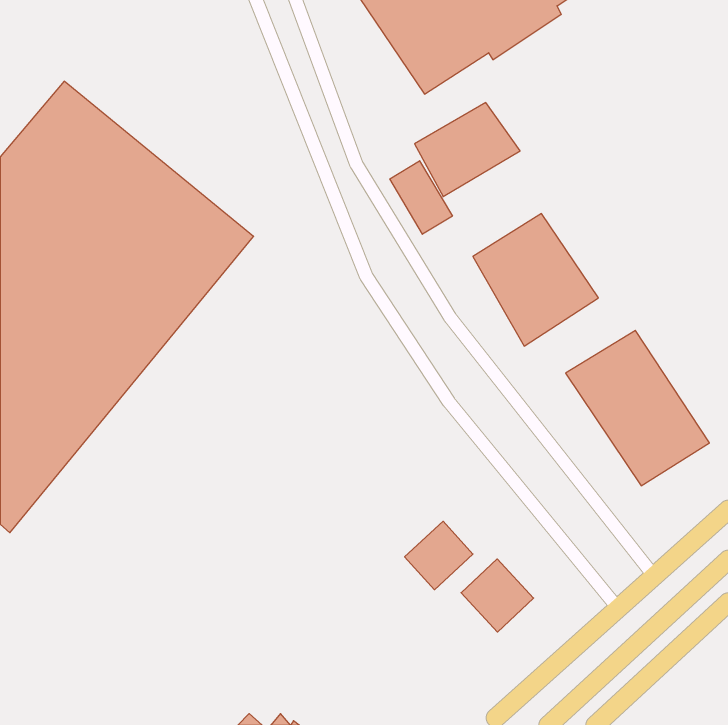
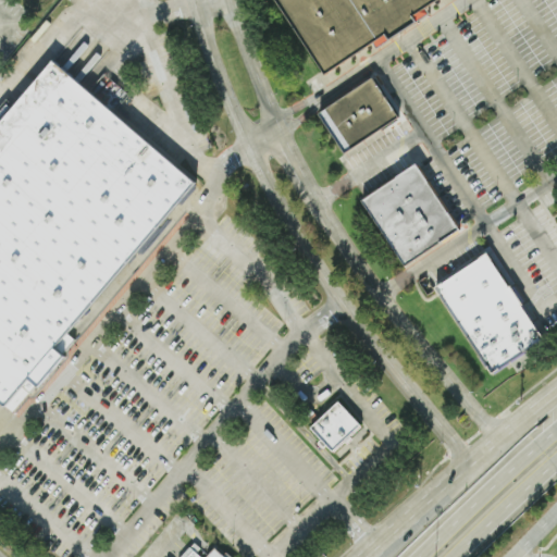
building: [390,161,452,234] -> none
building: [461,559,534,632] -> none

